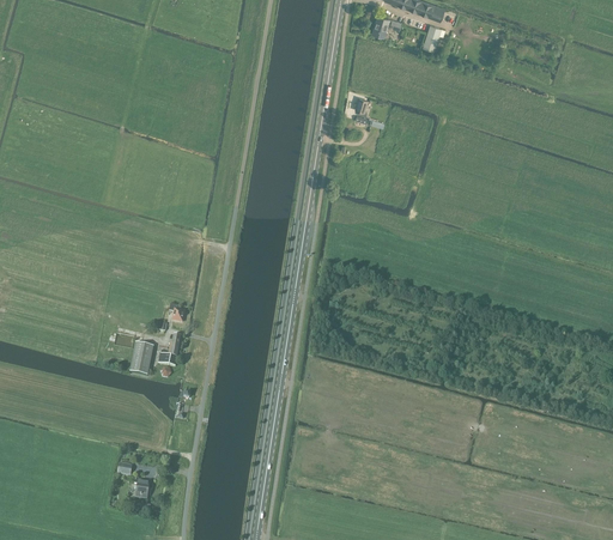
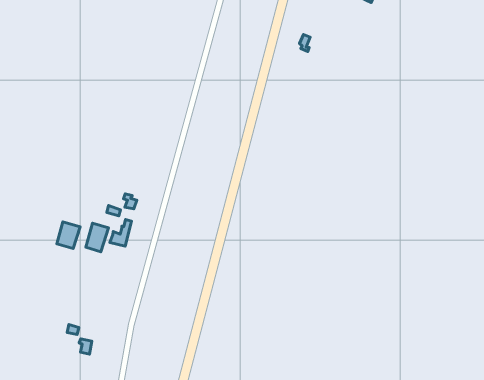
building: none -> [57,222,80,249]

